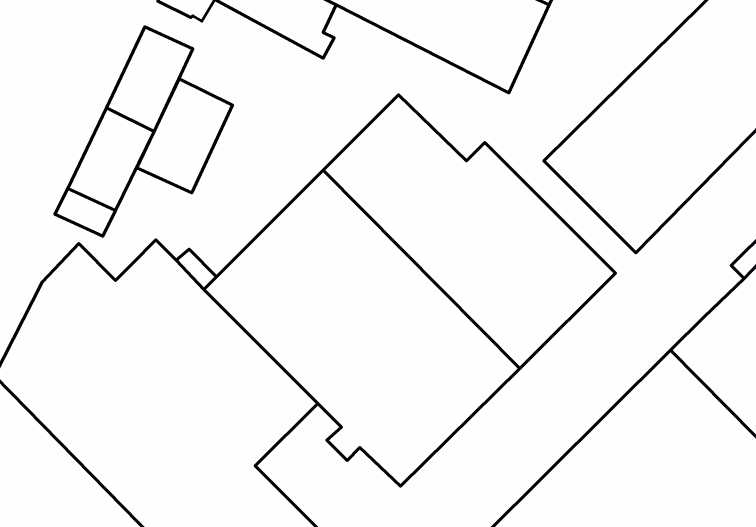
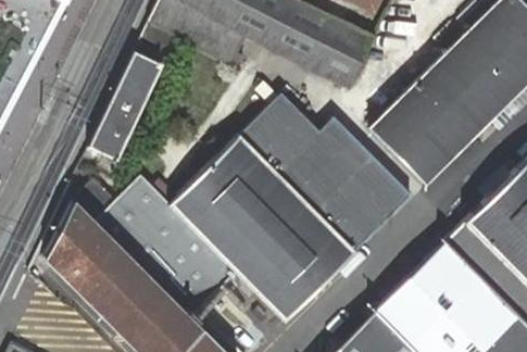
building: [137,79,233,193] -> none

